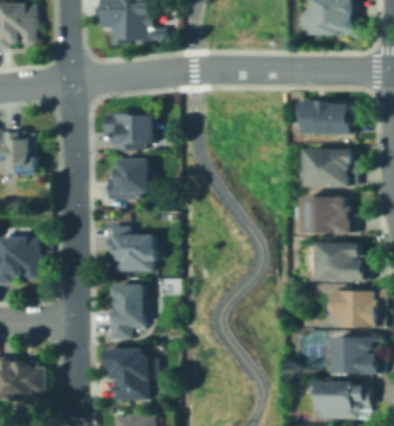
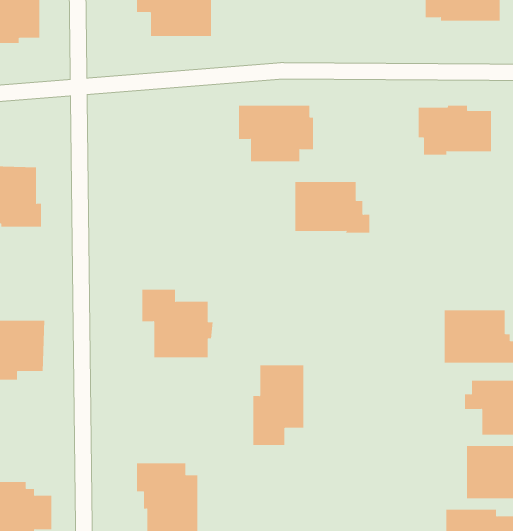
building: [102,111,155,150] -> [238,105,314,162]
building: [311,145,357,180] -> none
building: [106,156,148,196] -> none
building: [304,192,356,227] -> [295,182,370,233]
building: [107,283,143,339] -> [253,365,304,445]

